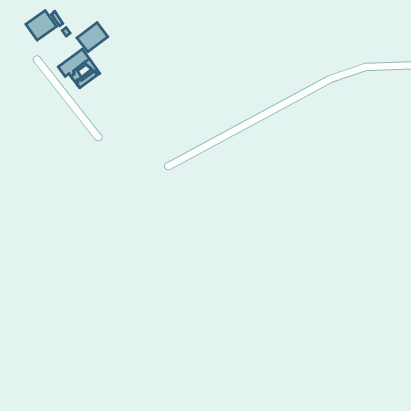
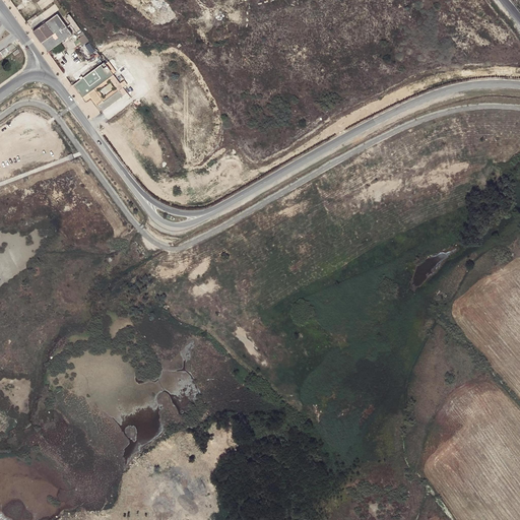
building: [77,23,108,52] -> none

